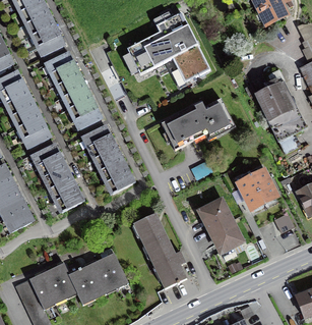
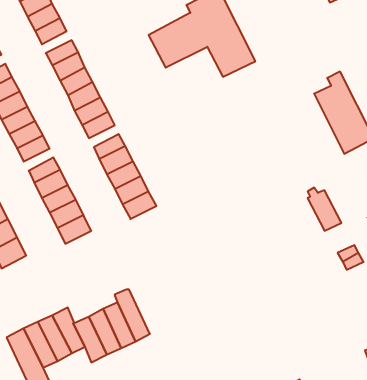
building: [162,99,234,150] -> none
building: [239,173,264,209] -> none
building: [200,200,242,259] -> none
building: [136,215,186,288] -> none

